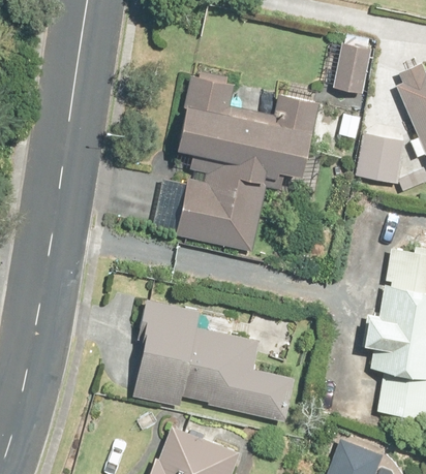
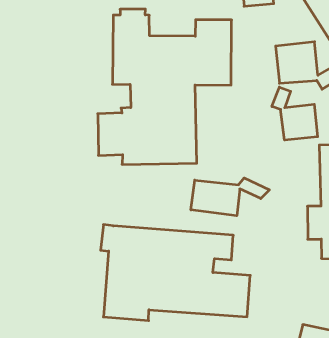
building: none -> [272,87,318,140]
building: none -> [191,178,269,216]

